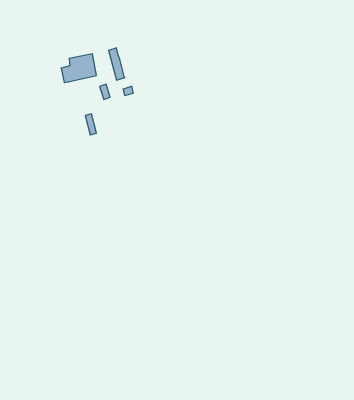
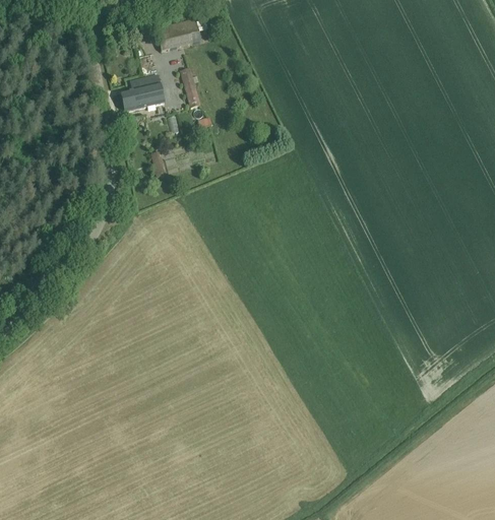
building: none -> [157,19,200,51]

